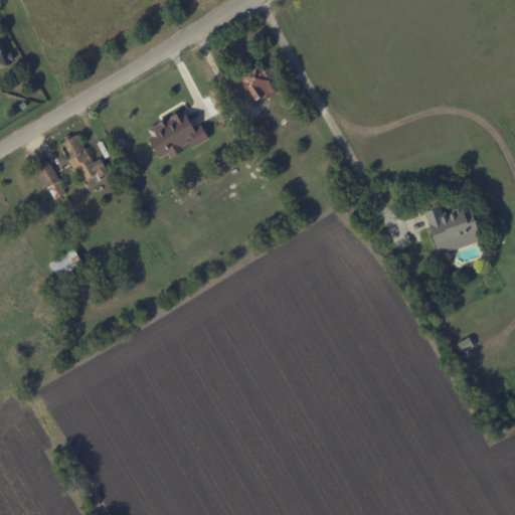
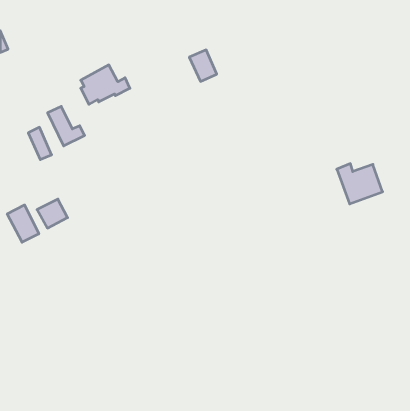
building: [147,109,208,158] -> [81,65,130,104]
building: none -> [7,205,39,242]

